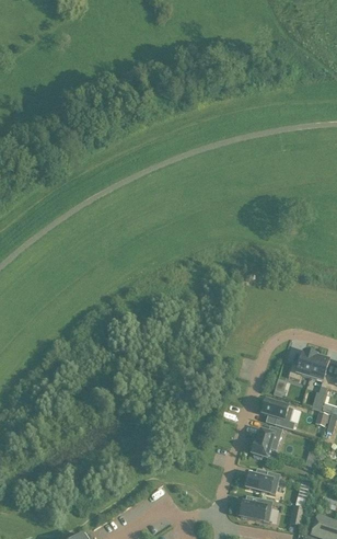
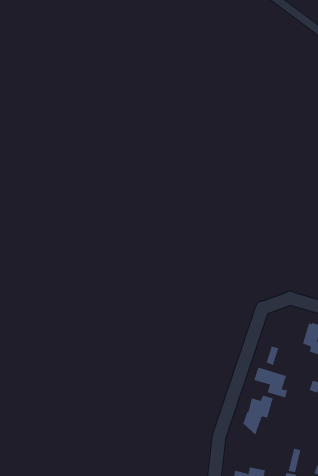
building: [287,349,315,378] -> none
building: [245,470,279,493] -> none

